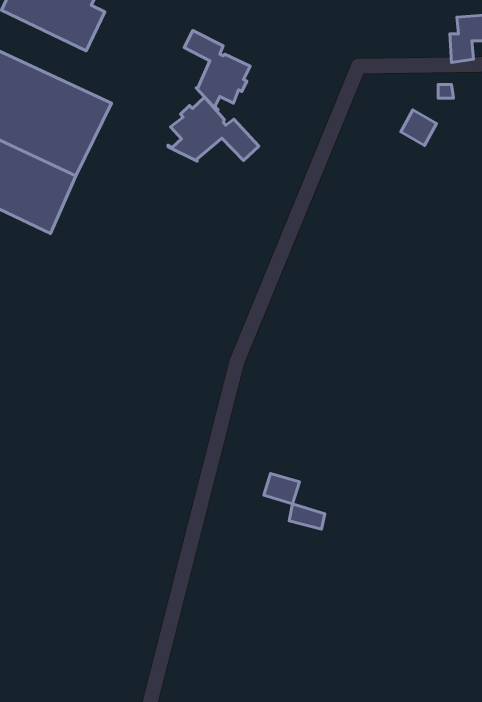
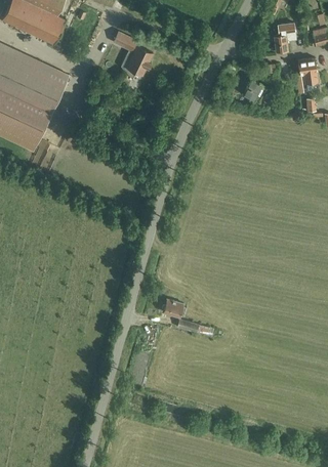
building: [168,97,259,161] -> none

